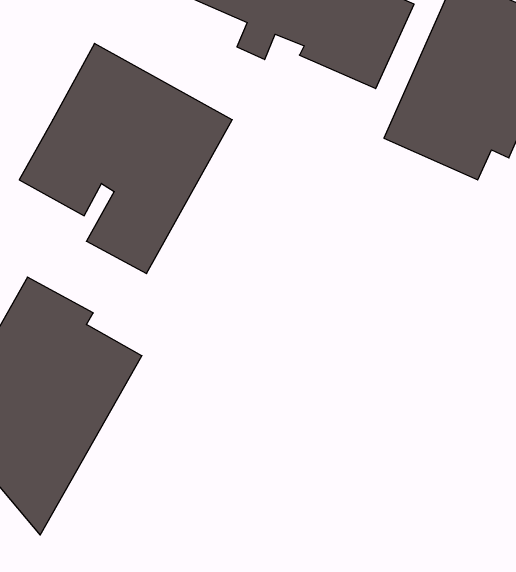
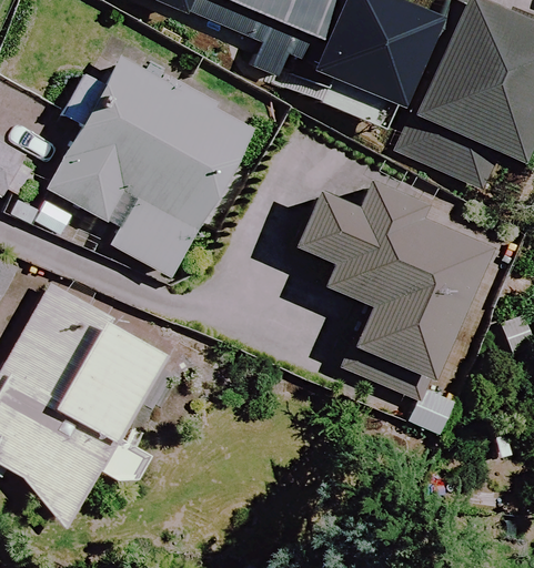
building: none -> [298,184,492,384]

